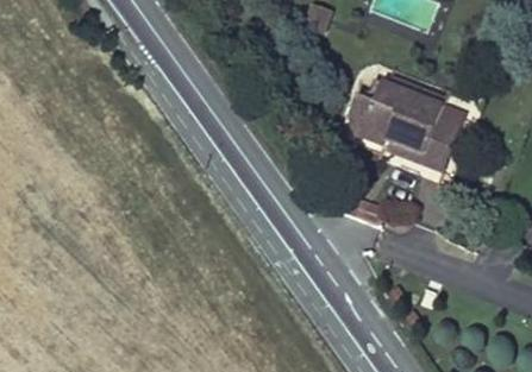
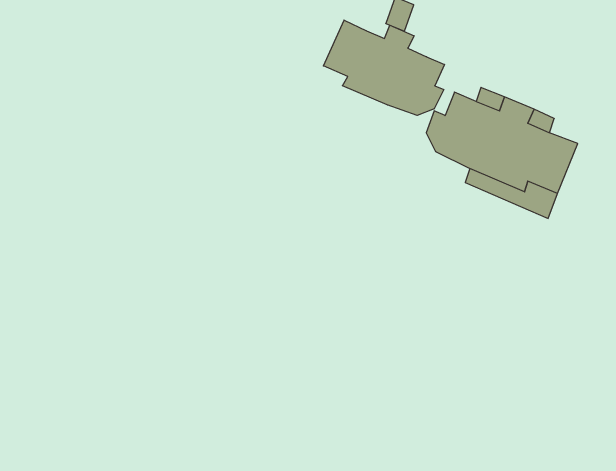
building: none -> [323,20,444,115]

